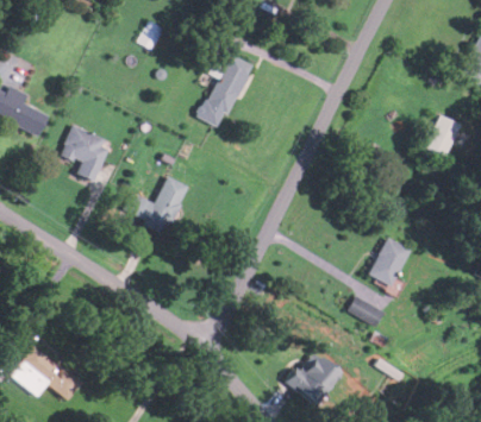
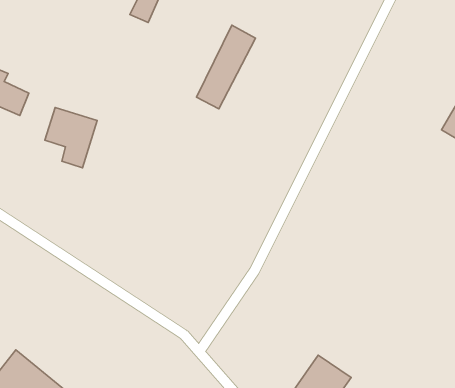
building: [123,176,187,232] -> none
building: [368,238,410,286] -> none
building: [349,296,385,326] -> none

